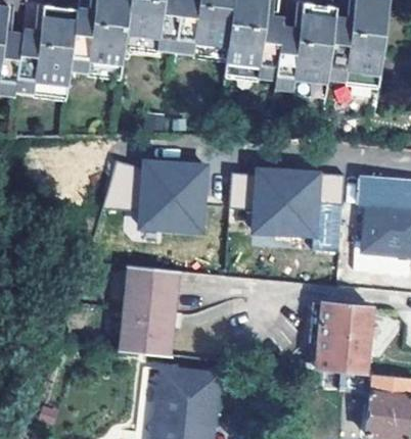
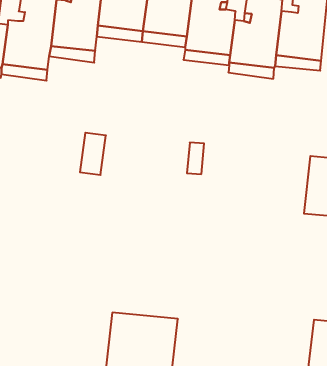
building: [139,159,207,232] -> none
building: [252,167,340,249] -> none
building: [117,266,178,351] -> none
building: [315,301,371,372] -> none

